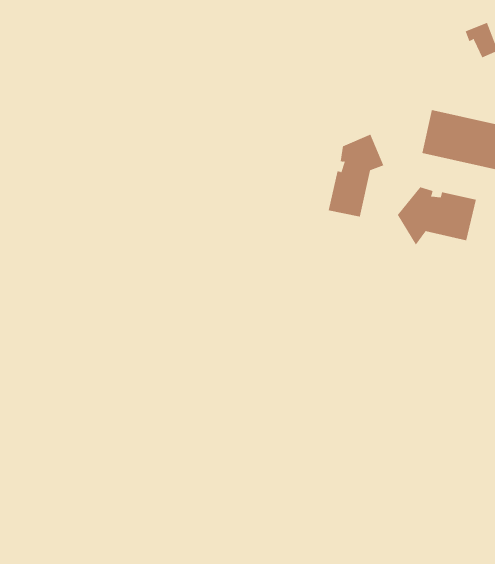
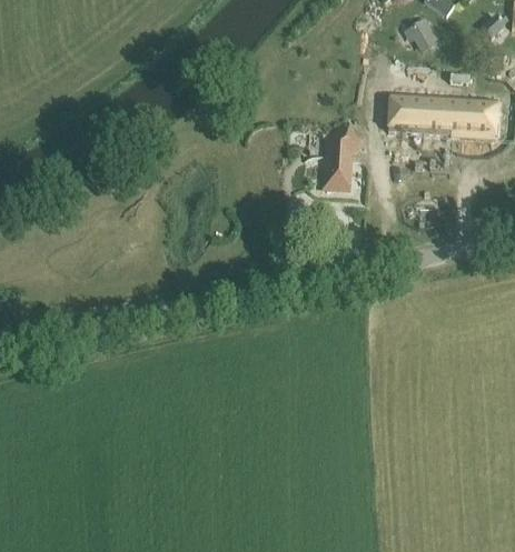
building: [397,186,477,245] -> none

